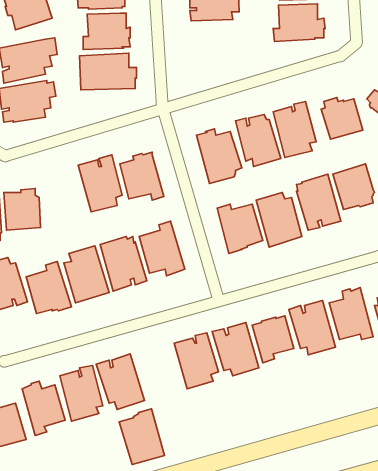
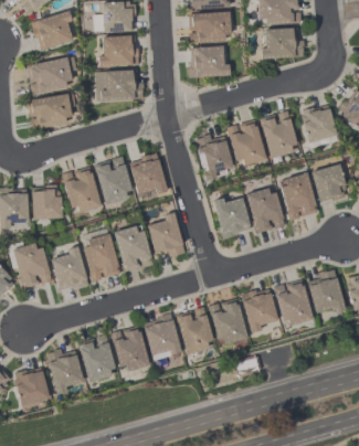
building: none -> [188,45,229,77]
building: none -> [61,167,101,212]
building: [119,409,165,465] -> [142,312,181,360]

